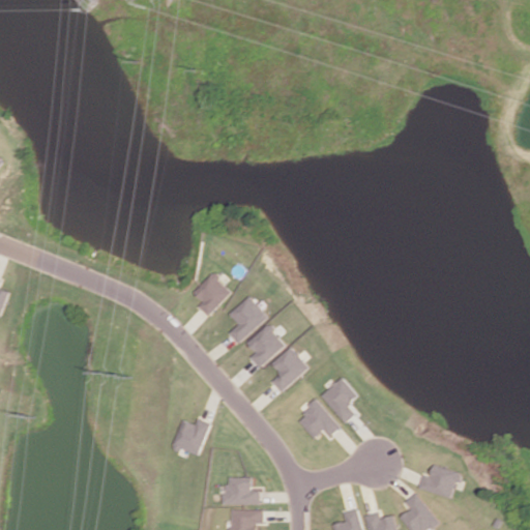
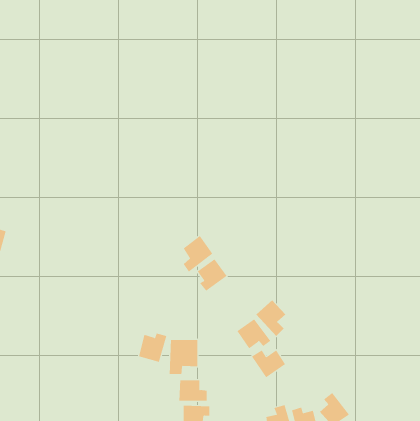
building: [194,272,232,317] -> none
building: [270,347,308,392] -> none
building: none -> [169,339,198,375]
building: none -> [251,349,286,378]
building: [418,464,460,499] -> none

